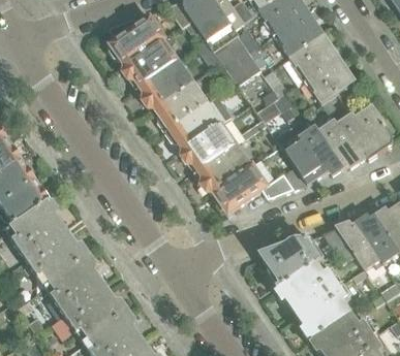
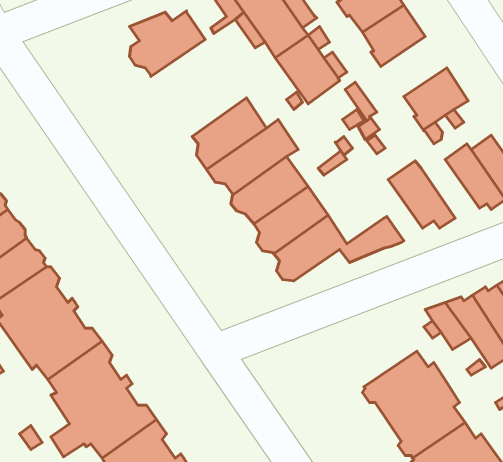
building: [282,35,338,85] -> none
building: [123,37,193,107] -> none
building: [319,120,362,166] -> none
building: [280,138,320,183] -> none
building: [260,236,320,288] -> none

